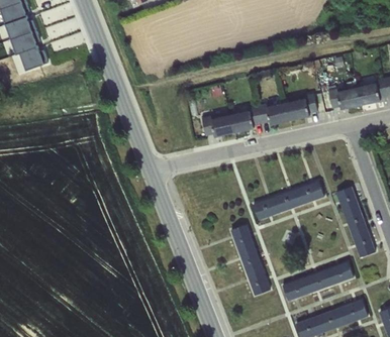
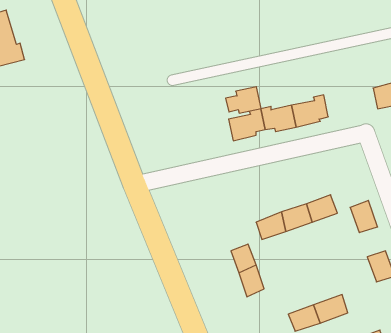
building: [327,87,360,109] -> none
building: [201,114,232,137] -> [226,87,261,113]
building: [344,209,367,235] -> none
building: [328,261,354,285] -> none
building: [245,263,270,296] -> none

